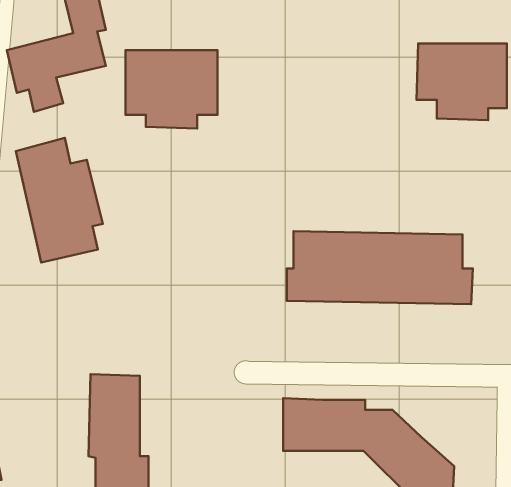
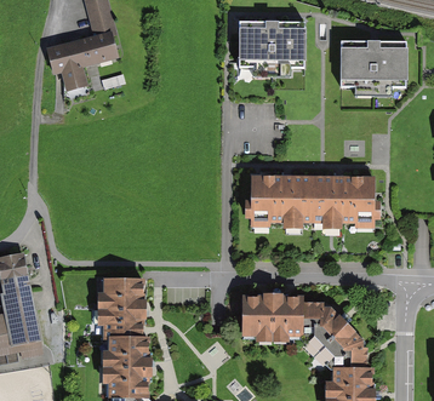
building: [125,50,218,129] -> [239,22,304,78]
building: [16,138,103,262] -> none

